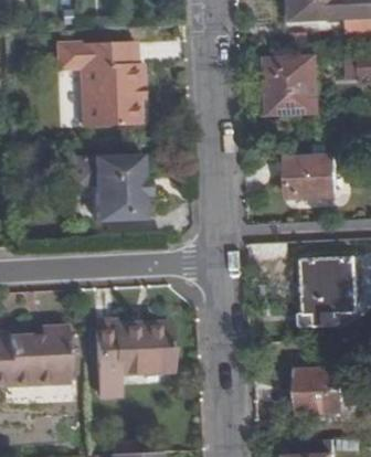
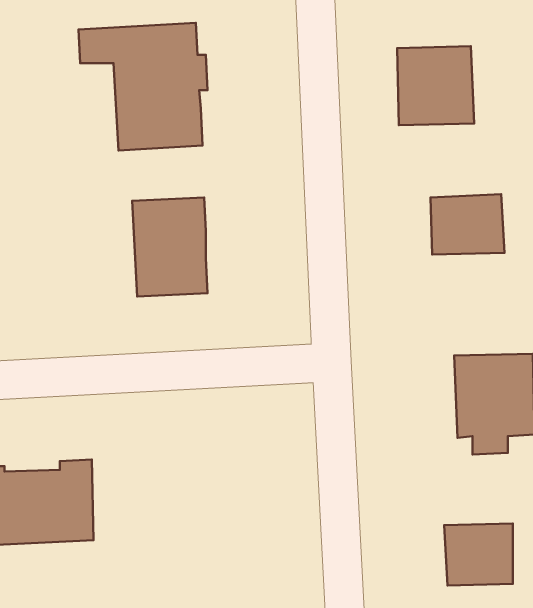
building: [95,323,171,395] -> none

